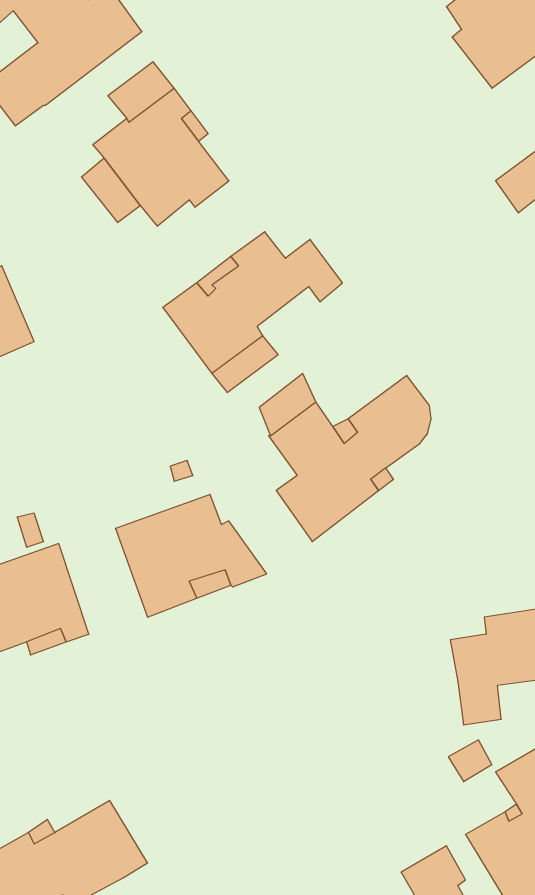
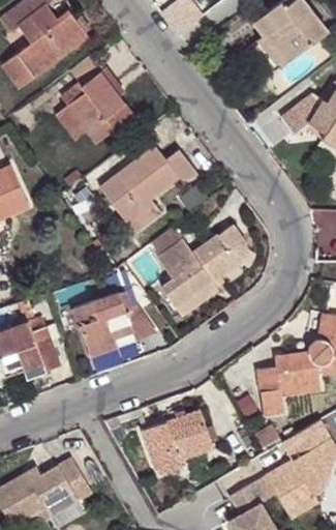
building: none -> [142,408,214,473]

